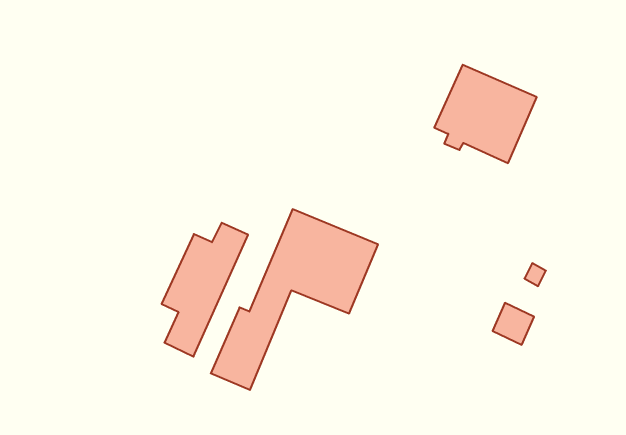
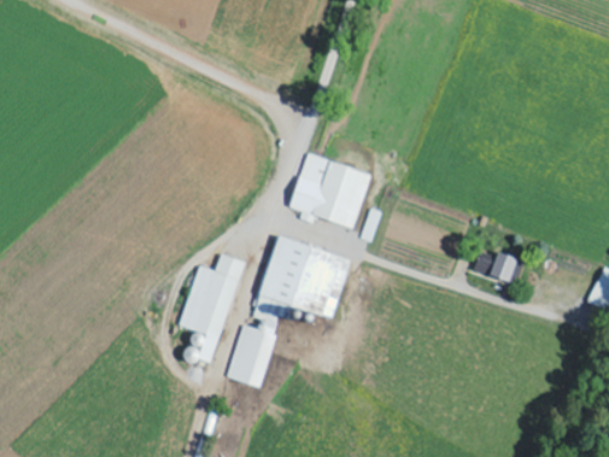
building: [434,65,537,163] -> [289,153,370,229]
building: [493,303,534,345] -> [491,251,523,283]

